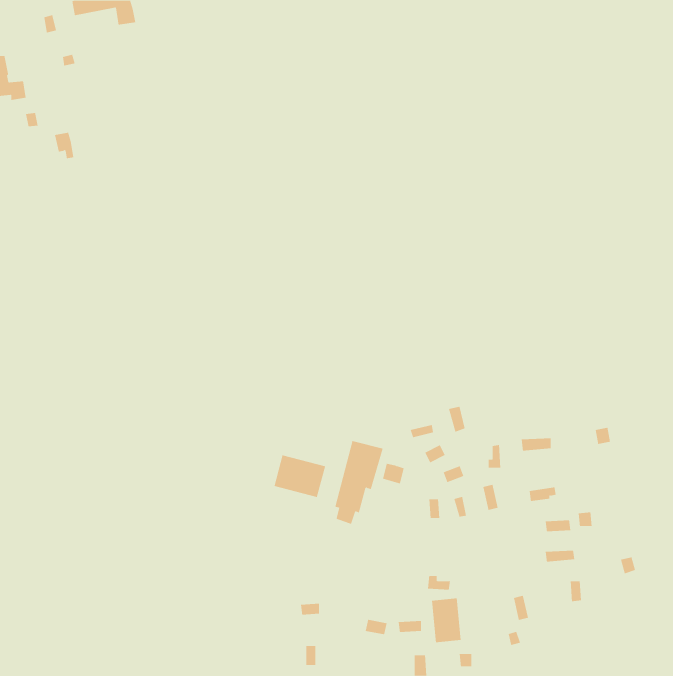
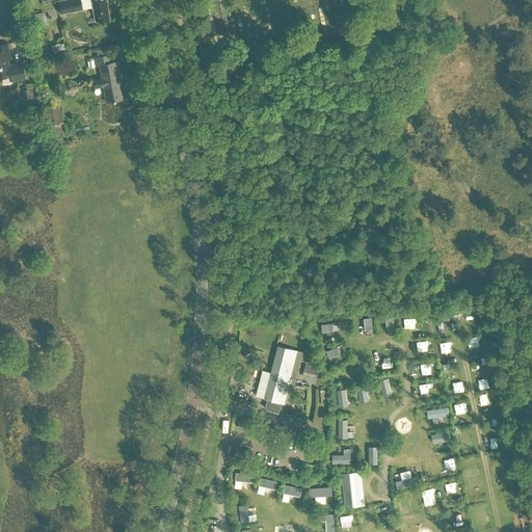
building: none -> [90,55,118,102]
building: [274,455,326,498] -> none

